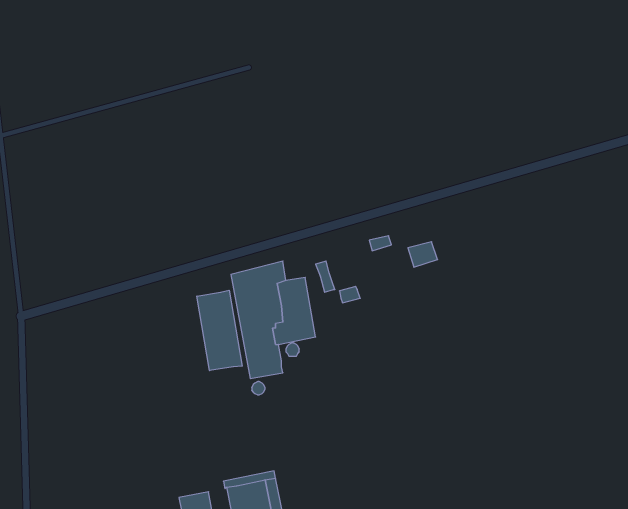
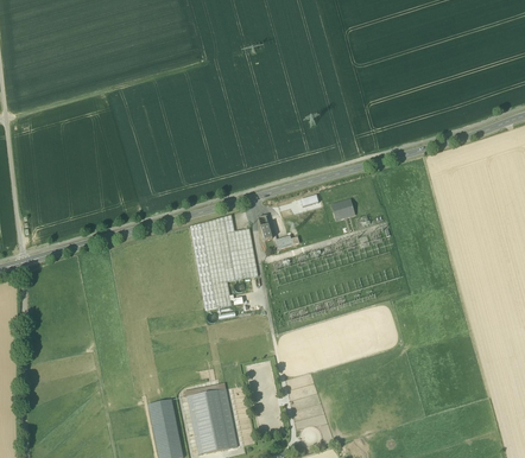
building: [197,290,242,371] -> none

